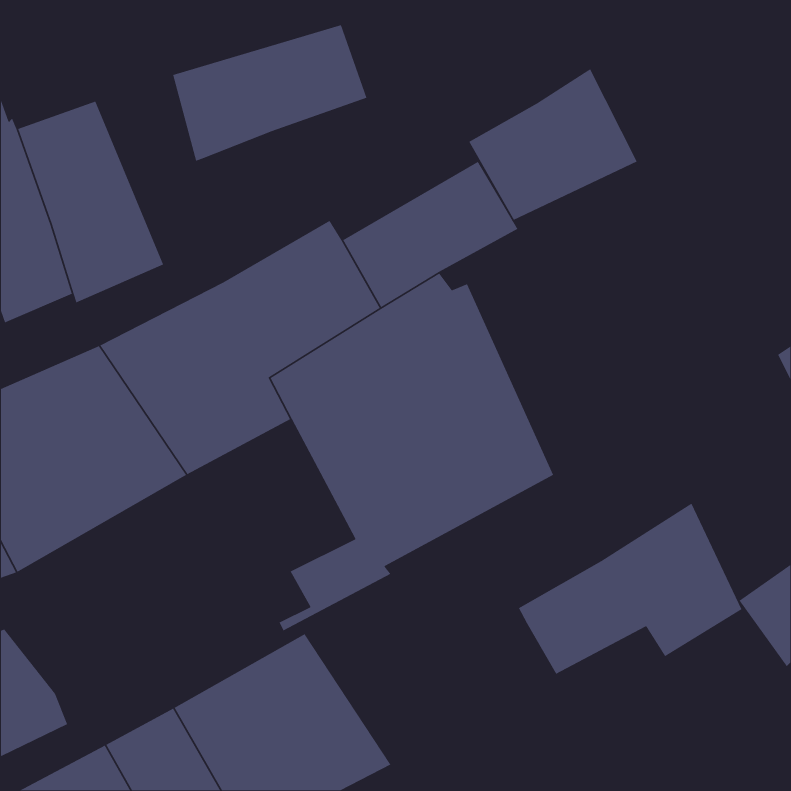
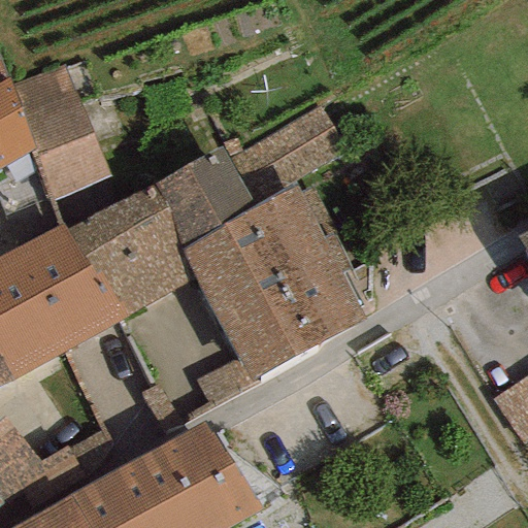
building: [172,24,368,162] -> none
building: [468,68,638,221] -> none
building: [518,503,743,675] -> none

